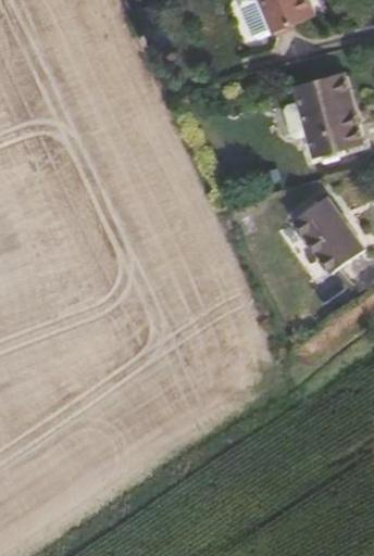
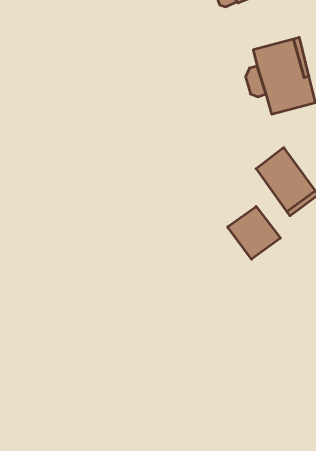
building: none -> [228,206,280,259]

